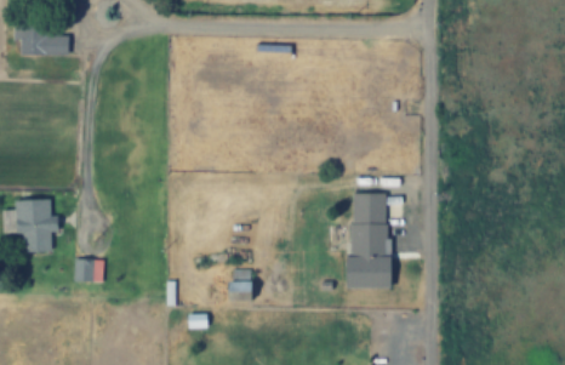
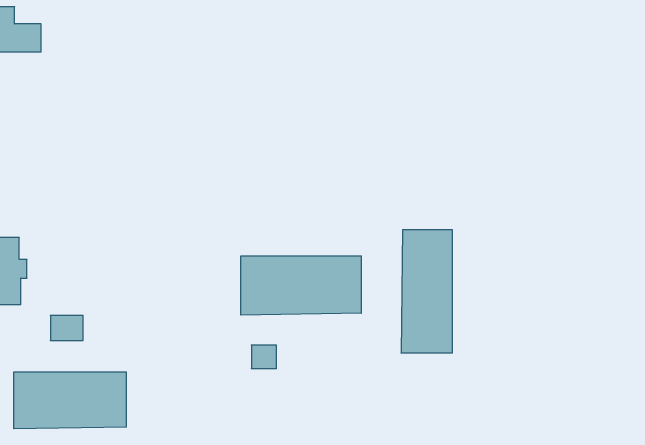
building: none -> [241,256,361,315]
building: none -> [14,372,126,429]

